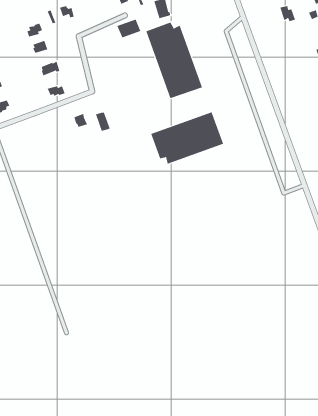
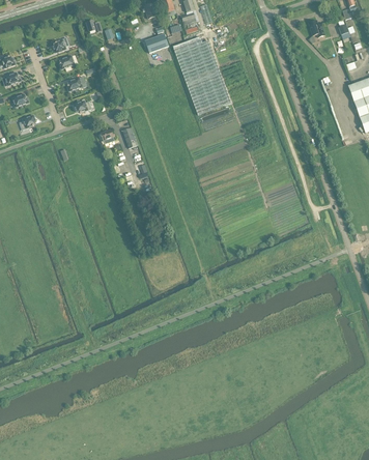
building: [150,111,224,165] -> none

